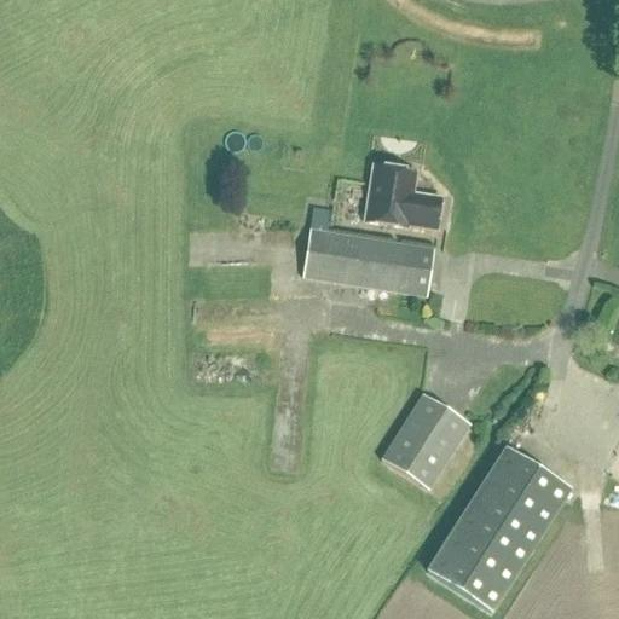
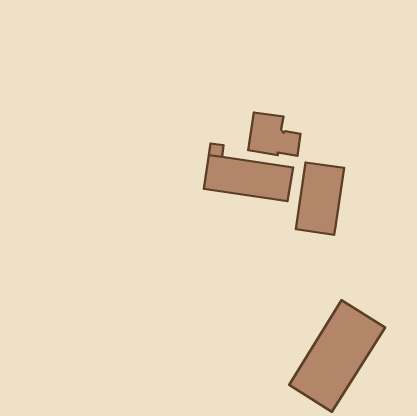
building: none -> [296,163,344,235]
building: [372,395,468,493] -> none

